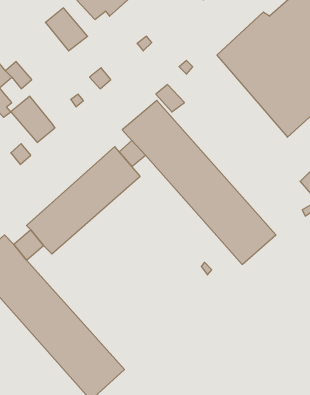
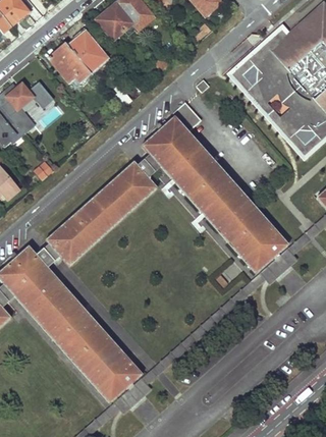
building: [11,96,55,142] -> [48,41,91,86]

